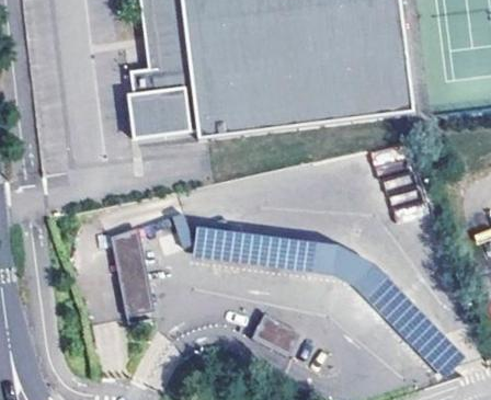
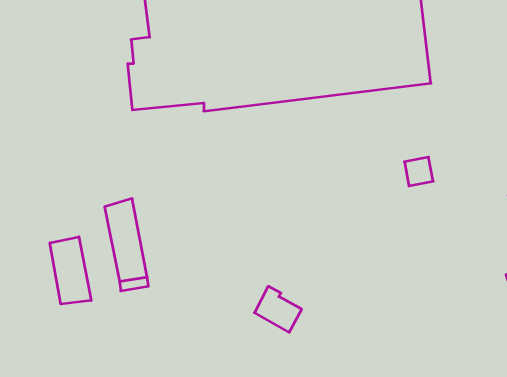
building: [189,218,463,372] -> none
building: none -> [50,237,91,304]

